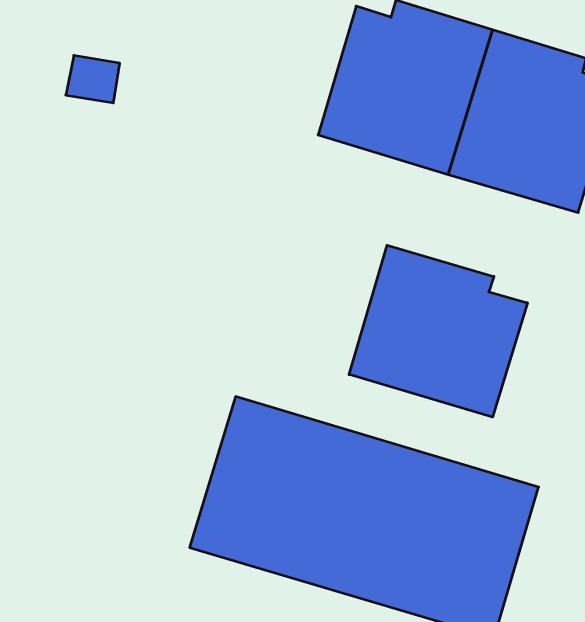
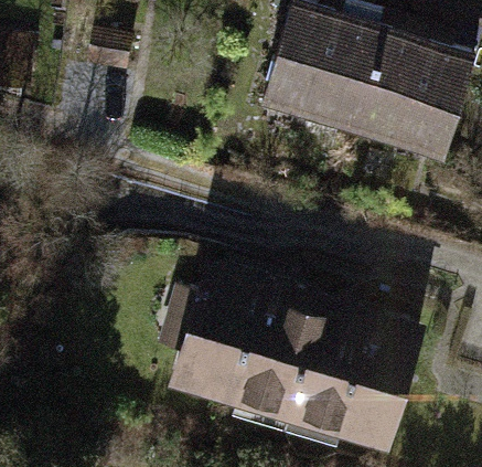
building: [349,245,527,417] -> none

